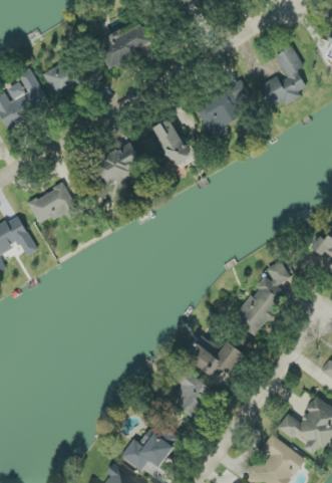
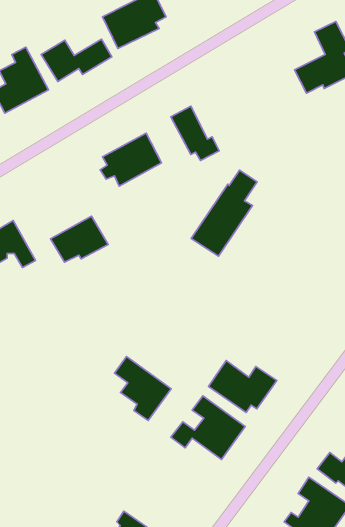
building: [195,81,254,142] -> none
building: [27,184,76,223] -> [50,216,108,262]
building: [234,262,290,335] -> [191,170,257,256]
building: none -> [114,356,171,421]
building: [120,426,176,471] -> none

